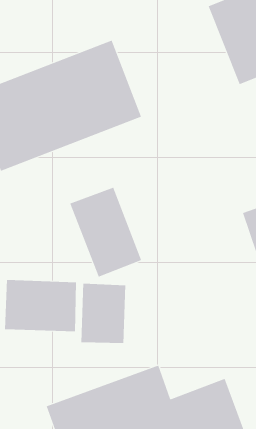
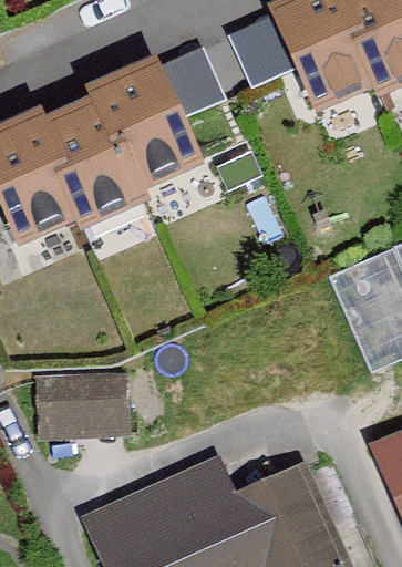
building: [70,187,142,278] -> none
building: [81,283,126,344] -> none

